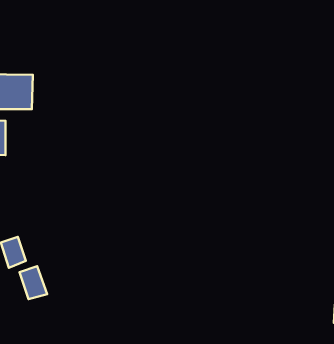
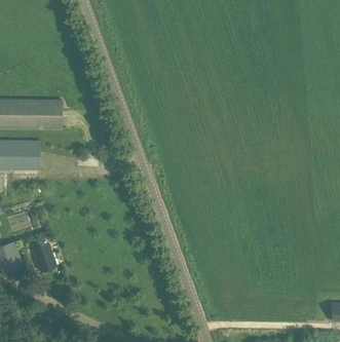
building: [19,266,47,299] -> none

